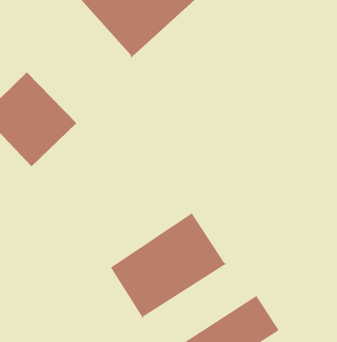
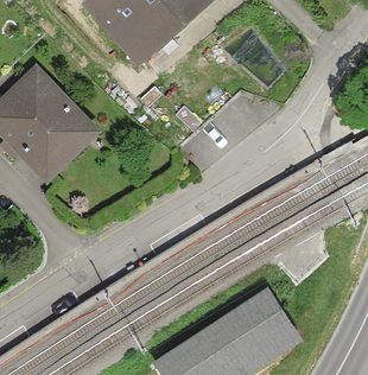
building: [110,213,227,319] -> none

